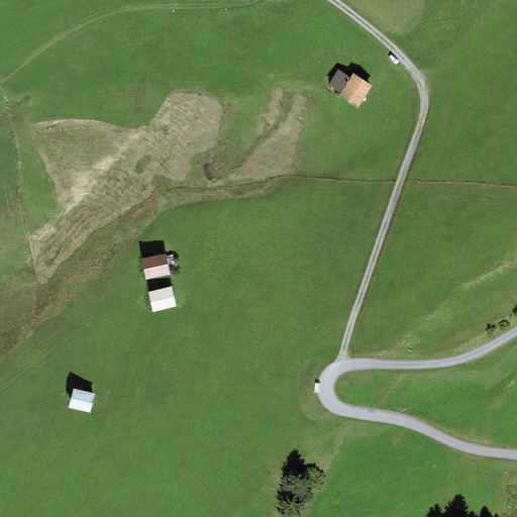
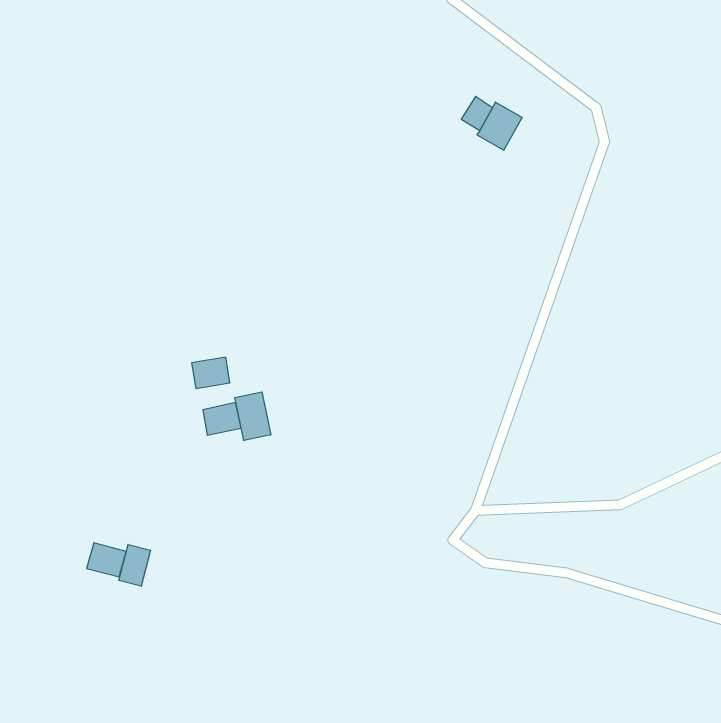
building: none -> [235,392,271,441]
building: none -> [119,544,151,586]

